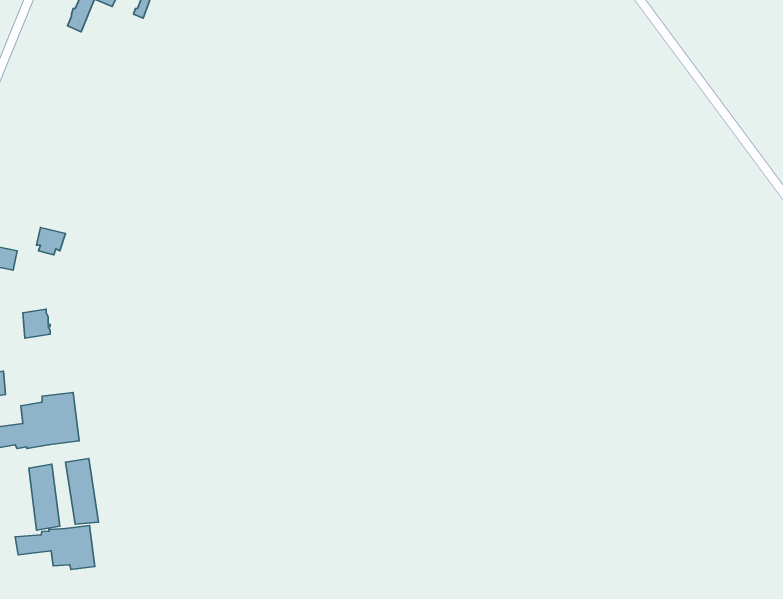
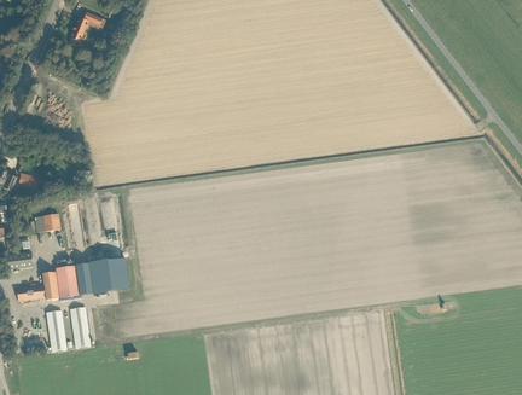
building: none -> [89,259,129,294]
building: [15,525,95,570] -> none

